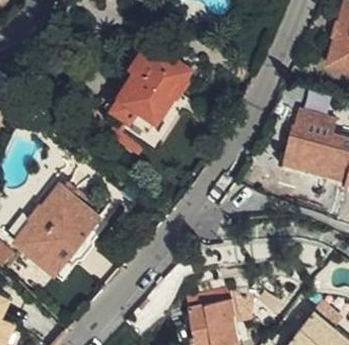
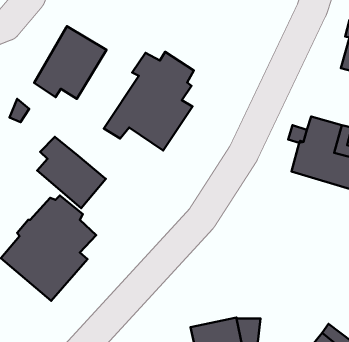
building: none -> [34,26,106,99]
building: none -> [37,137,106,208]

